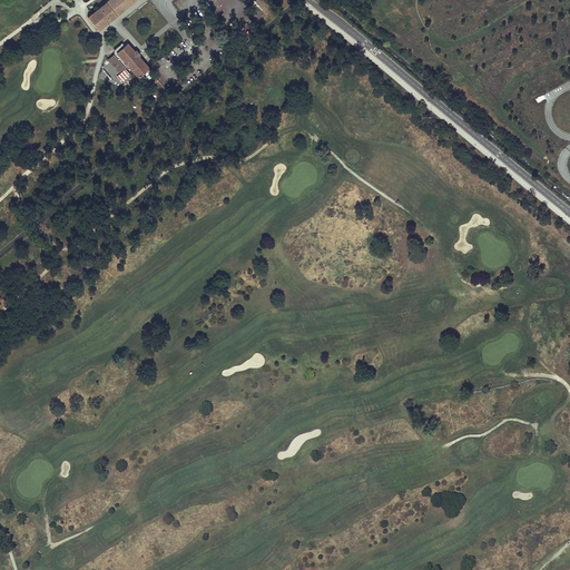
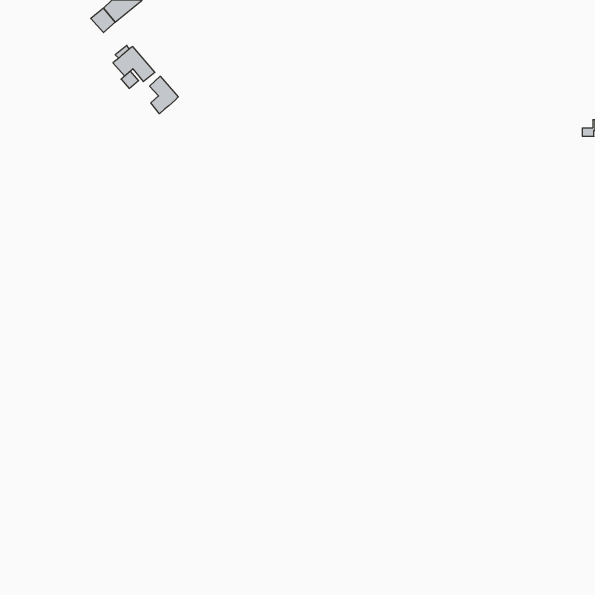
building: none -> [150,76,178,114]

